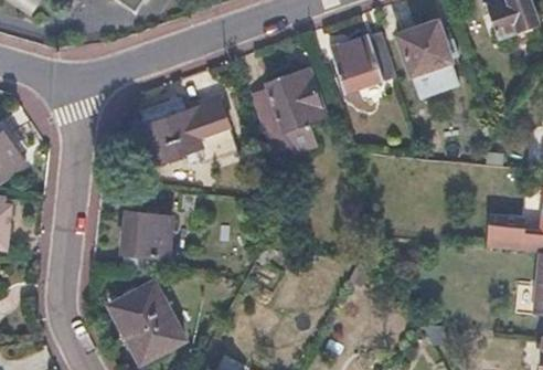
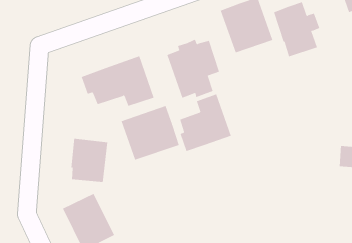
building: none -> [180,93,232,152]
building: none -> [121,105,179,160]

